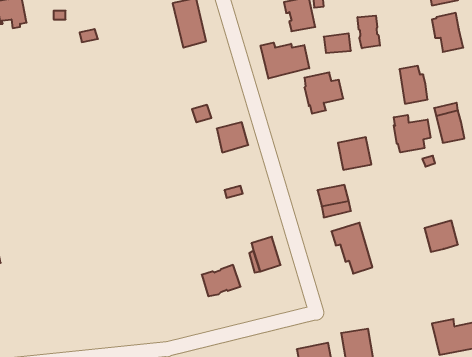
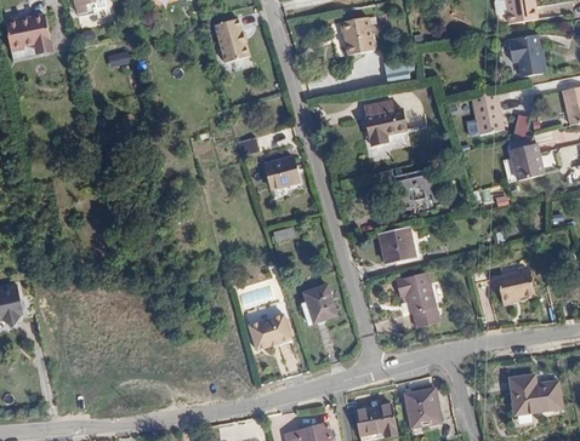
building: [358,16,380,48] -> none
building: [261,43,309,79] -> none
building: [394,115,430,152] -> none

